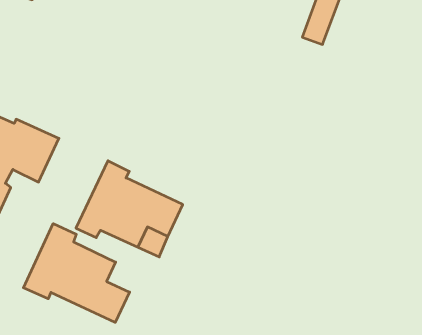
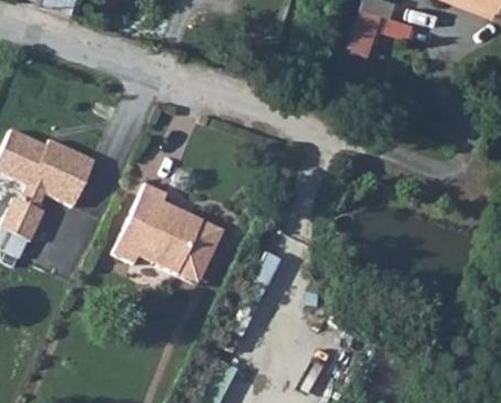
building: [23,224,130,322] -> none

